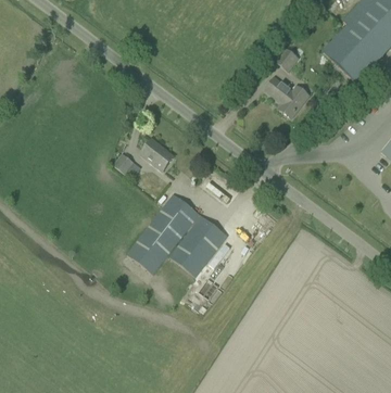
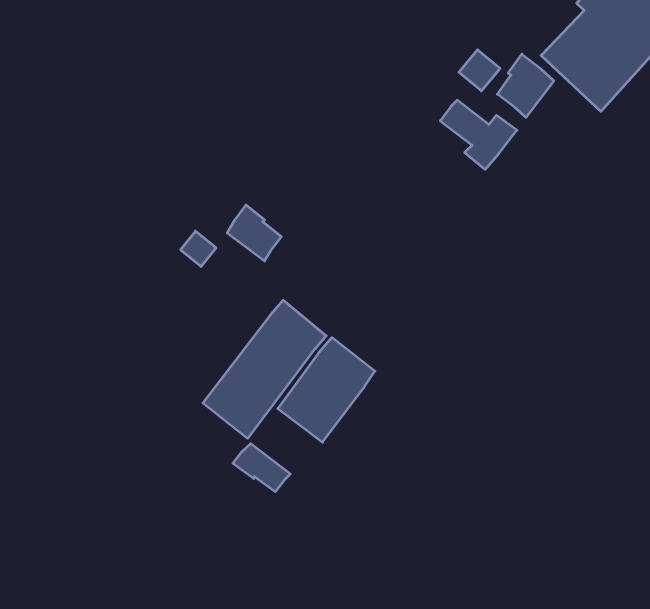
building: none -> [497,54,554,117]
building: none -> [233,444,290,492]

